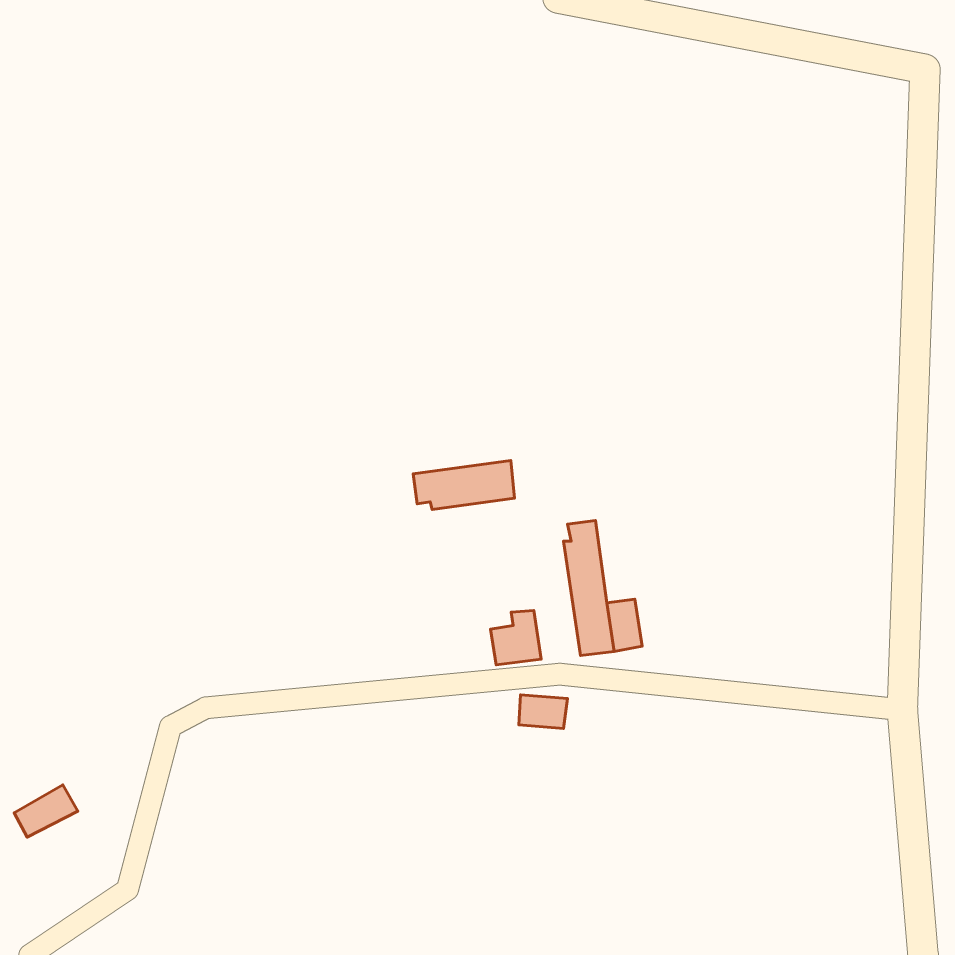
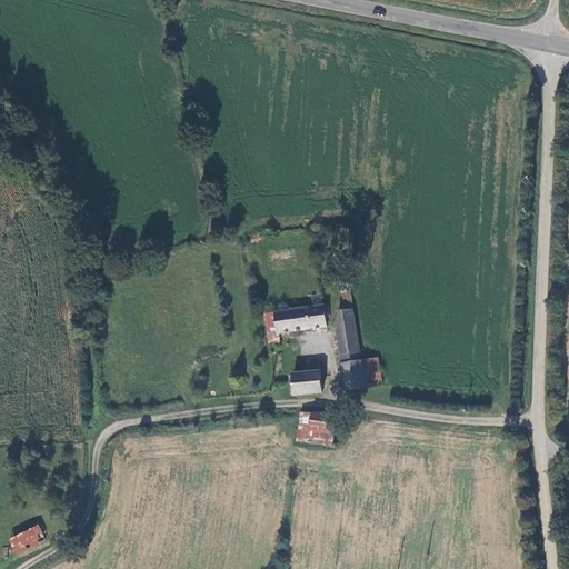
building: [413,461,514,509] -> [266,303,326,332]
building: [14,785,78,837] -> [7,522,44,553]

